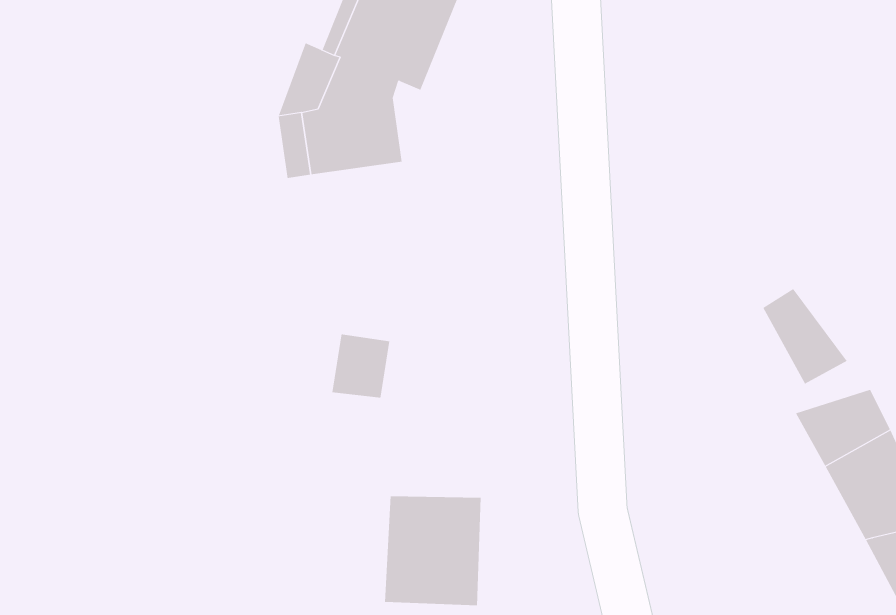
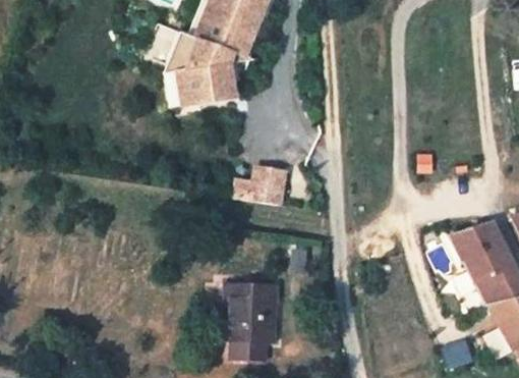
building: [763,288,847,385] -> none
building: [331,334,390,398] -> [252,169,285,205]

